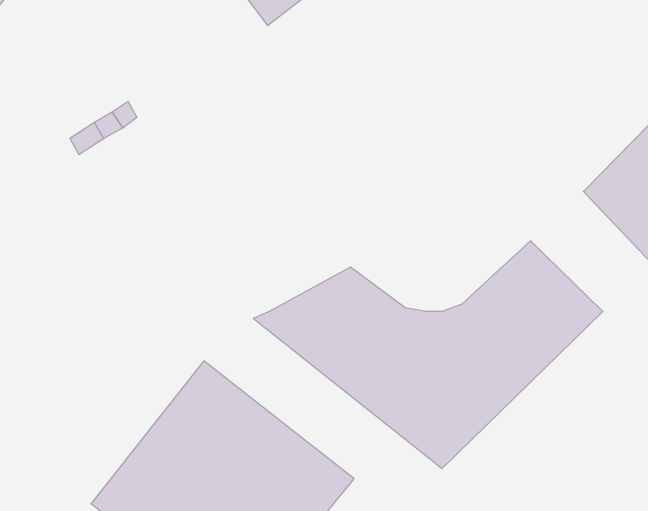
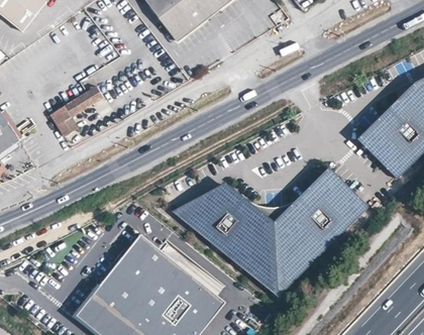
building: none -> [50,107,77,136]

